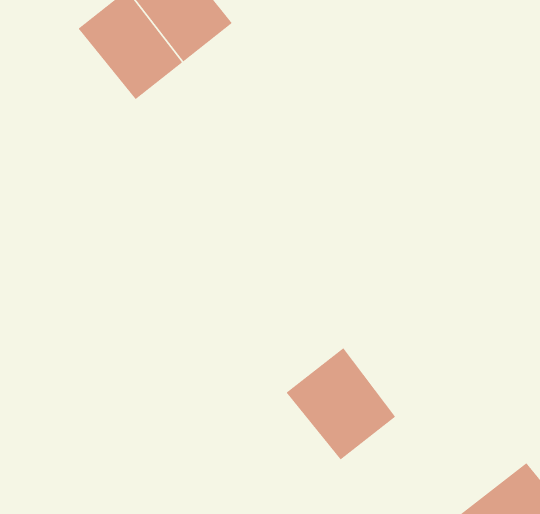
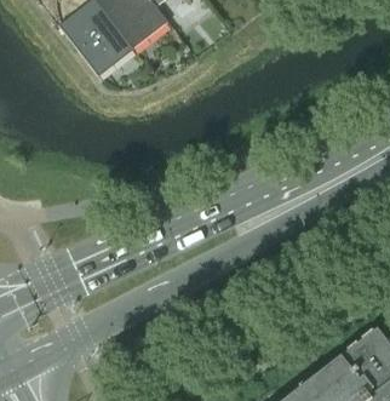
building: [285,347,396,461] -> none

